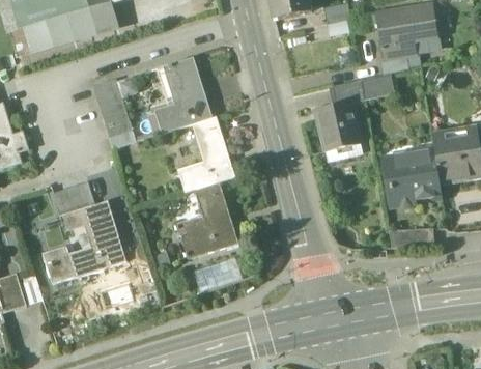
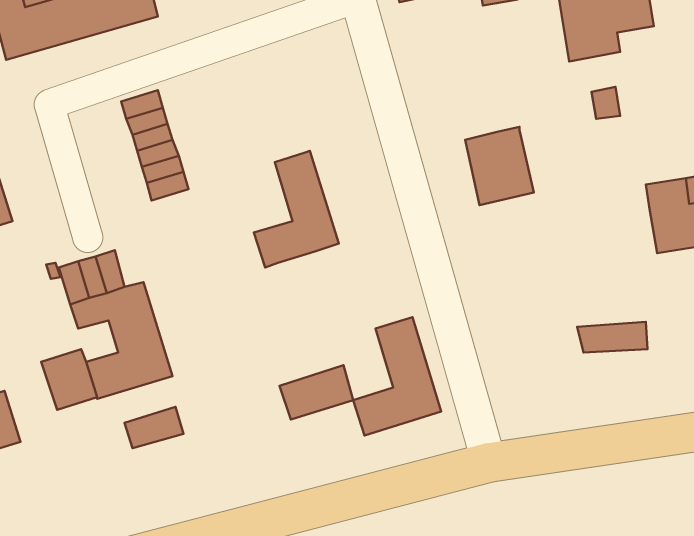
building: [154,56,213,133] -> none
building: [334,73,395,104] -> none
building: [388,152,442,208] -> none
building: [180,181,237,258] -> [353,317,441,435]

